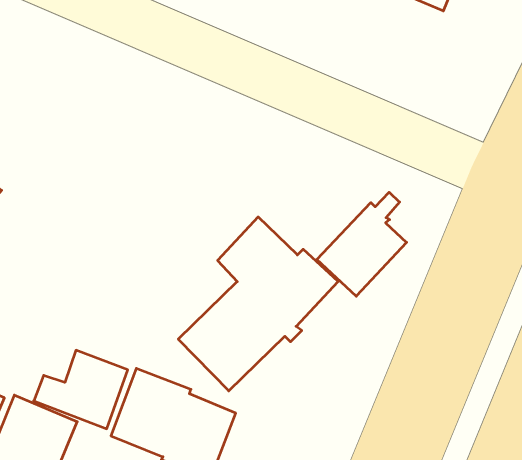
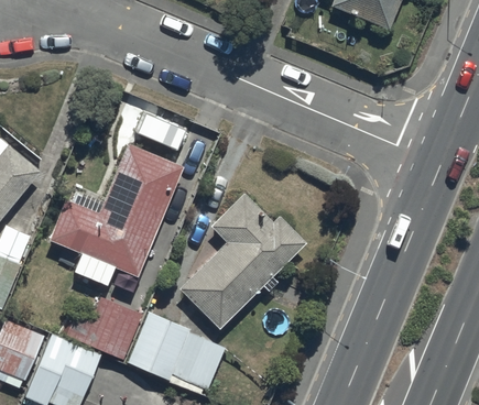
building: none -> [48,145,183,276]
building: [317,192,407,296] -> none

